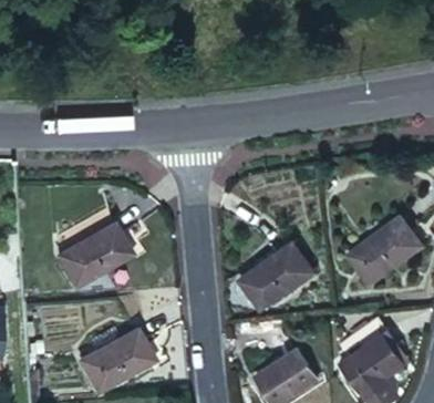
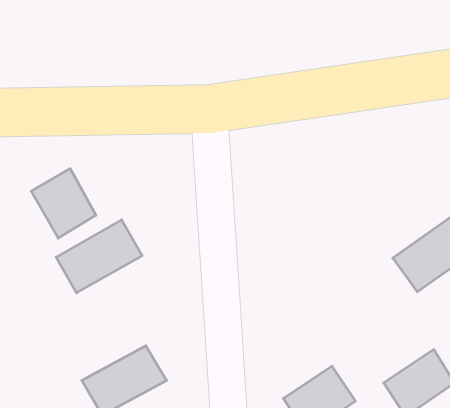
building: none -> [31,169,96,238]
building: [241,245,314,309] -> none

